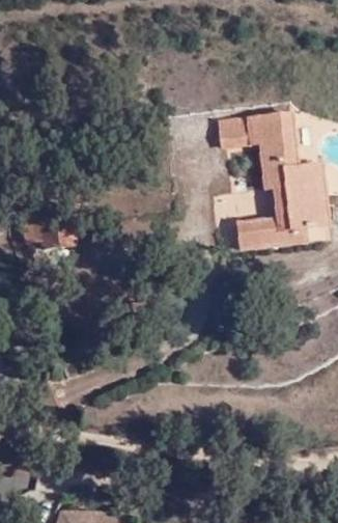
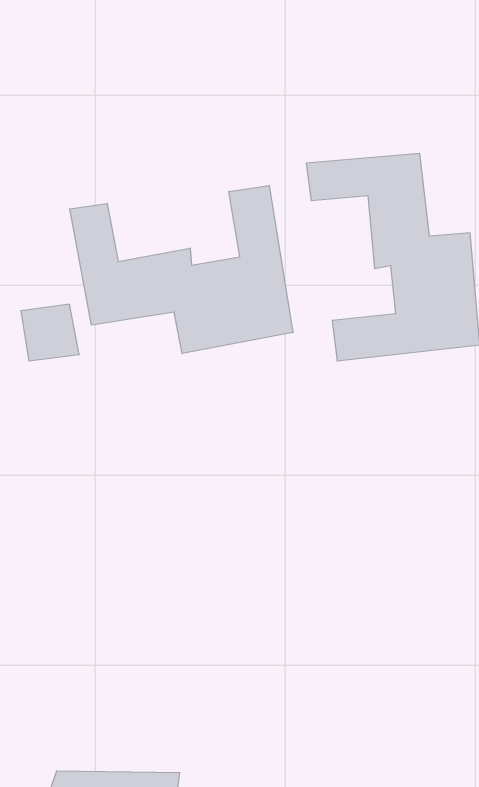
building: none -> [70,185,293,354]

